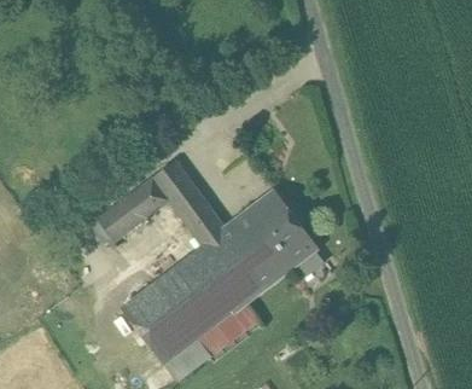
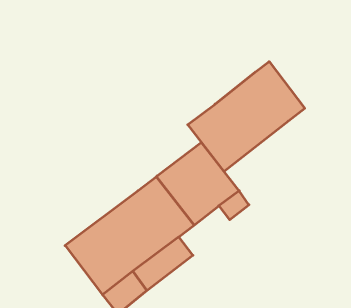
building: none -> [188,62,305,172]
building: [97,159,223,244] -> none

